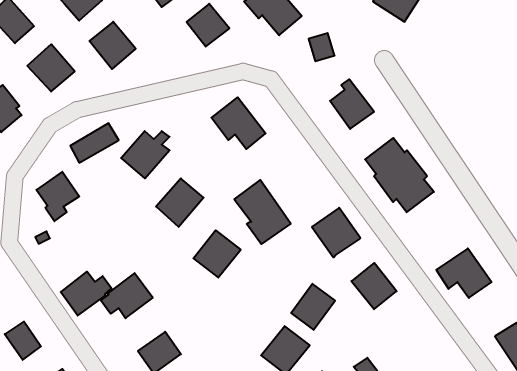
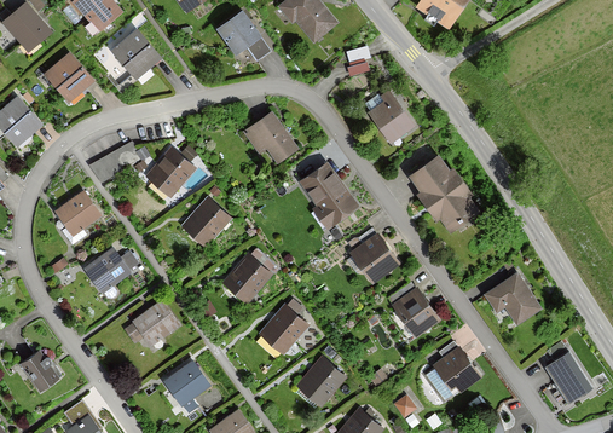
building: [234,180,291,244] -> [299,161,359,230]
building: [61,272,112,316] -> [85,242,139,289]
building: [291,284,335,330] -> [261,306,308,356]
building: none -> [432,346,480,391]

